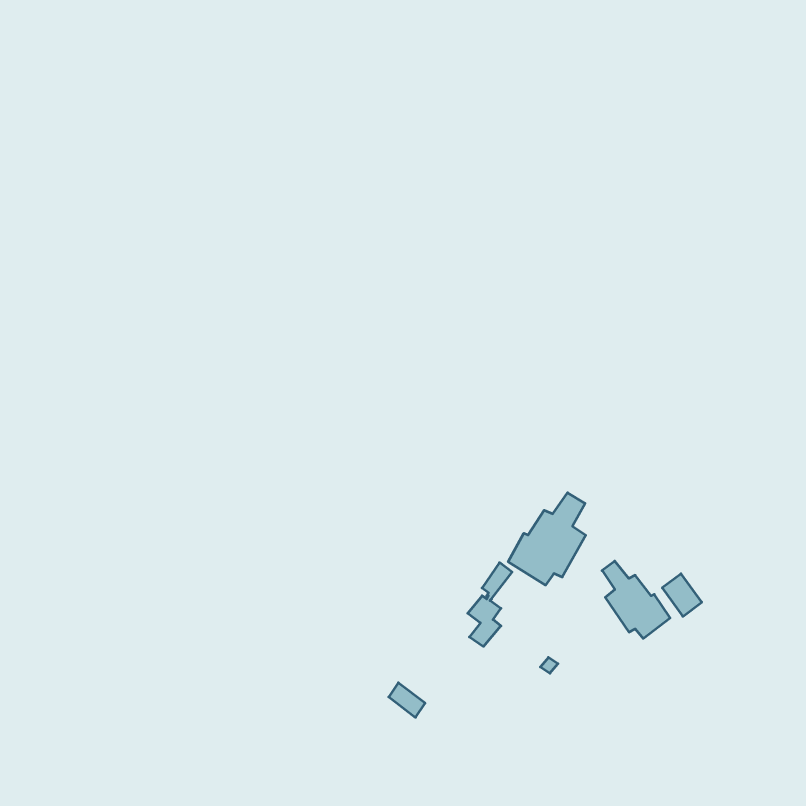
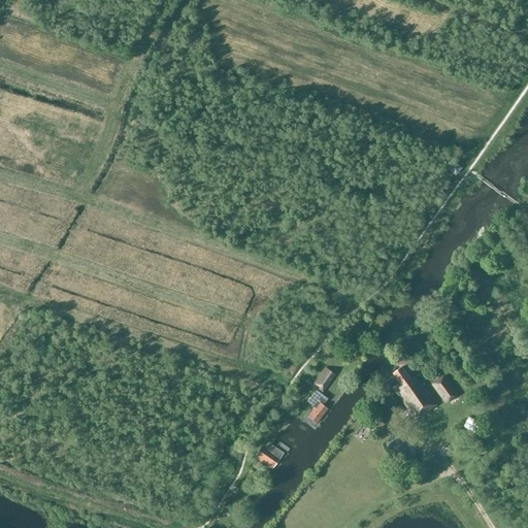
building: [508,493,586,585] -> none

